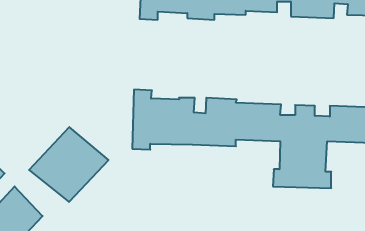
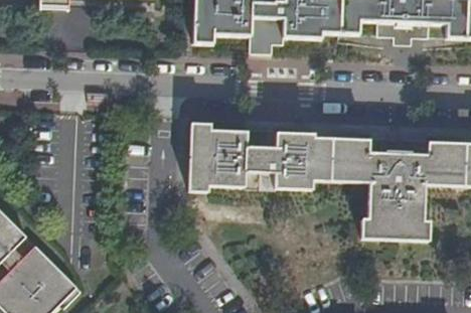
building: [29,127,108,202] -> none

